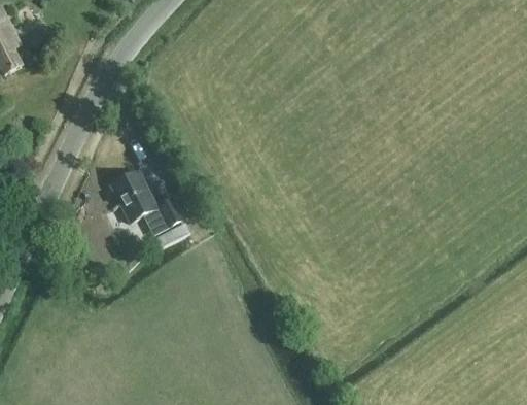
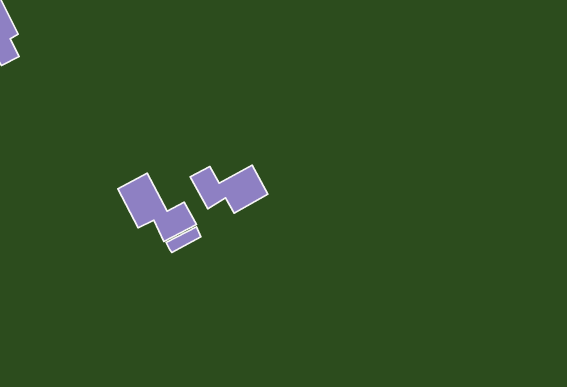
building: none -> [190,165,268,213]

